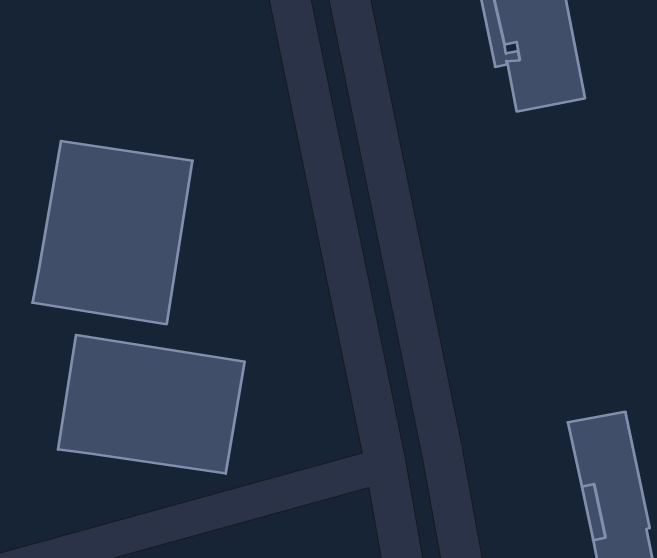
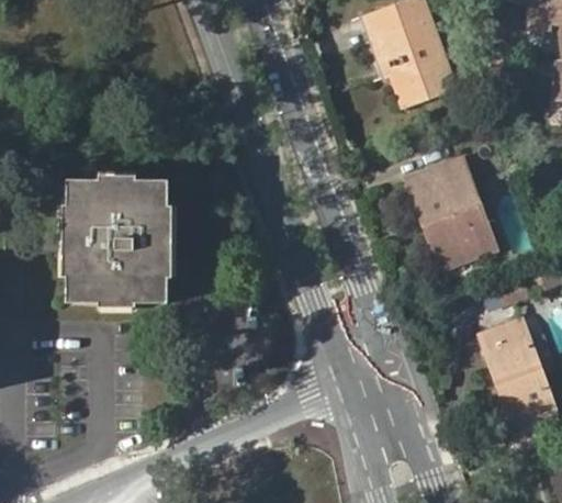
building: none -> [413,157,493,266]
building: [58,335,245,474] -> none

